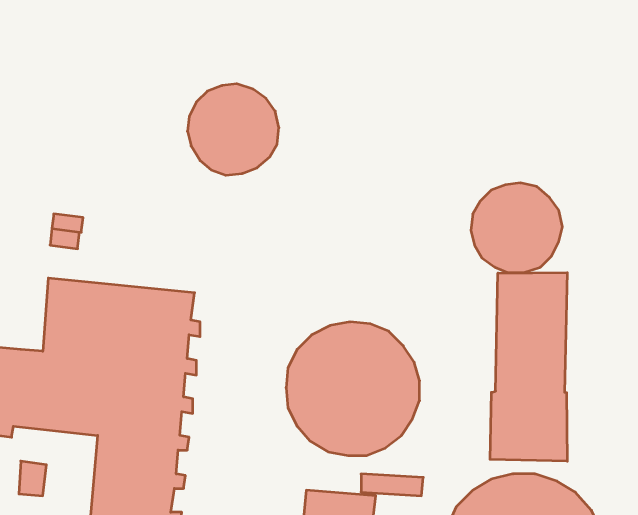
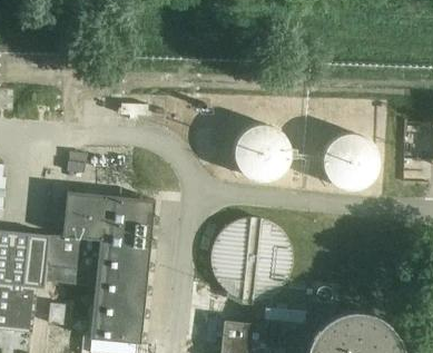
building: [187,84,279,175] -> [234,126,289,182]
building: [490,273,567,461] -> none

